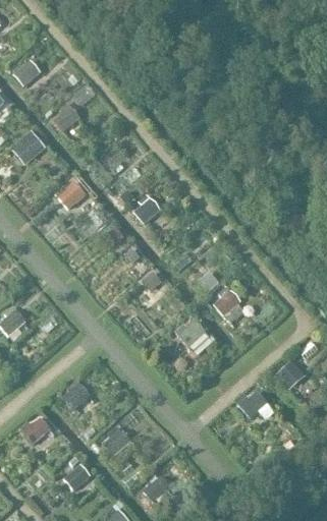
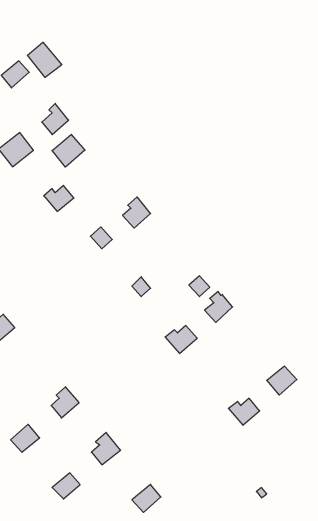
building: none -> [27,42,62,77]
building: none -> [52,134,85,167]

